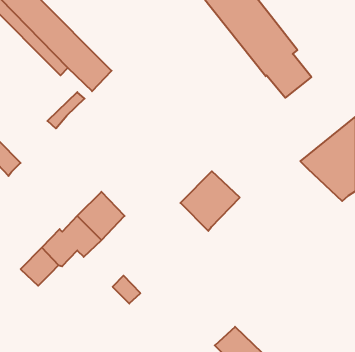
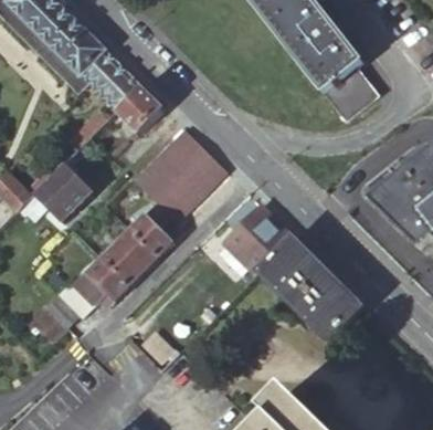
building: none -> [116,85,161,132]
building: none -> [133,127,224,220]
building: none -> [20,162,91,220]
building: none -> [127,212,172,258]
building: none -> [257,235,362,339]

